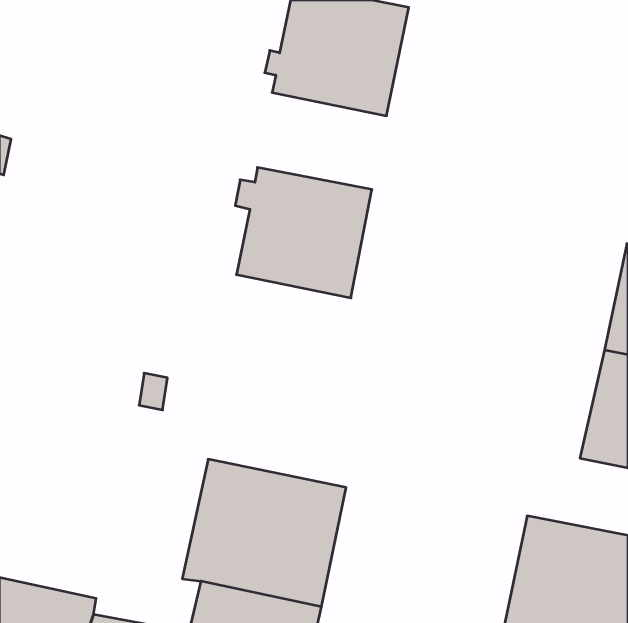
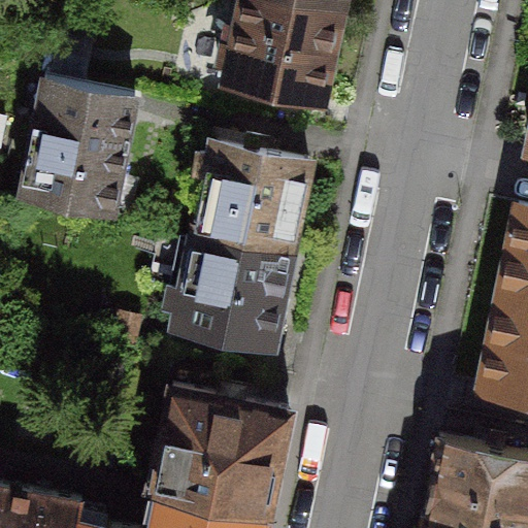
building: none -> [24,77,137,217]
building: none -> [166,235,294,343]

